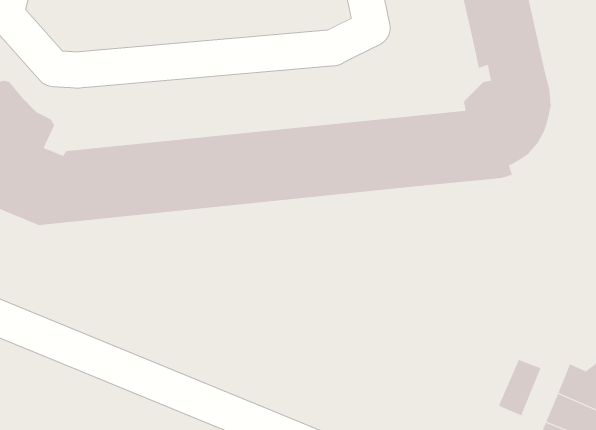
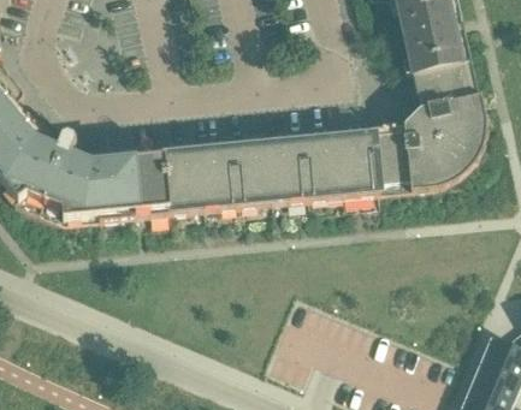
building: [498,359,541,416] -> none

